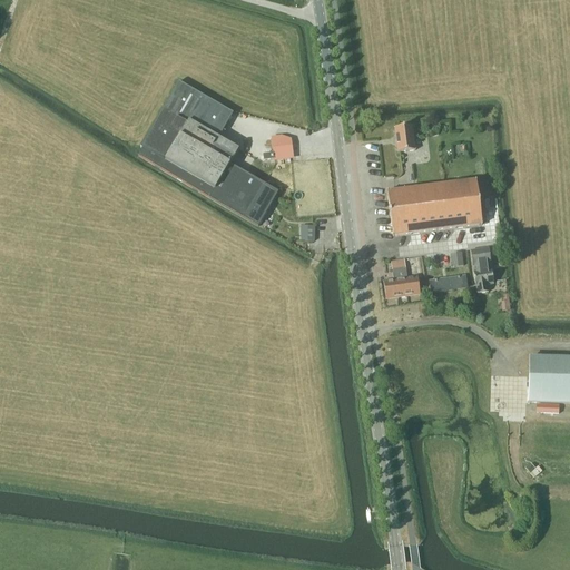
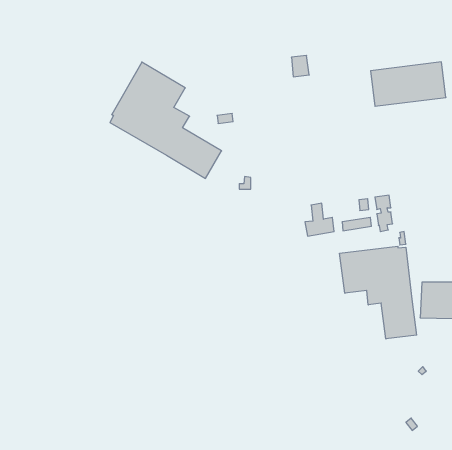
building: [395,122,417,149] -> [291,55,309,77]
building: [389,177,483,233] -> [371,62,446,106]
building: none -> [340,246,417,339]

